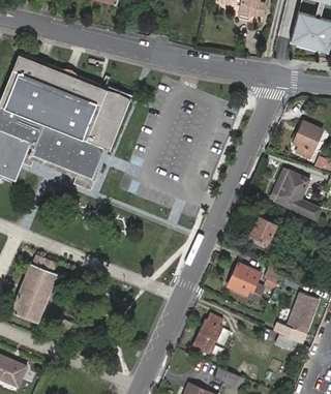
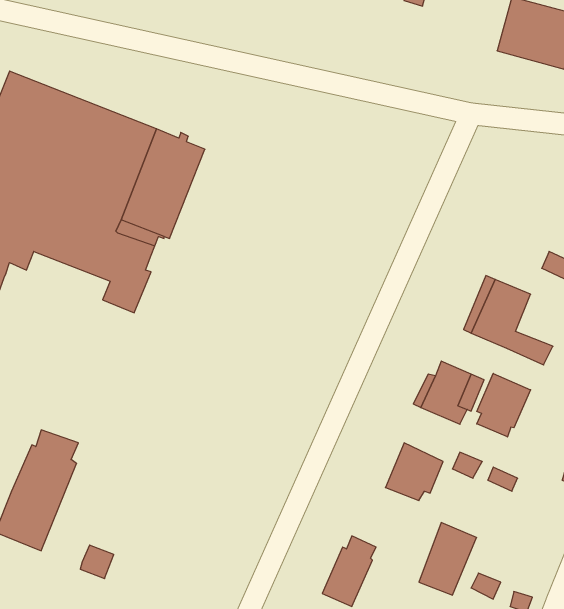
building: [295,122,323,158] -> none
building: none -> [477,373,531,437]
building: [288,292,320,332] -> [419,523,477,595]

